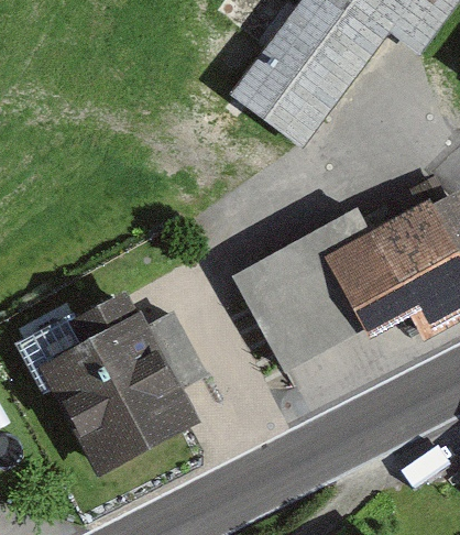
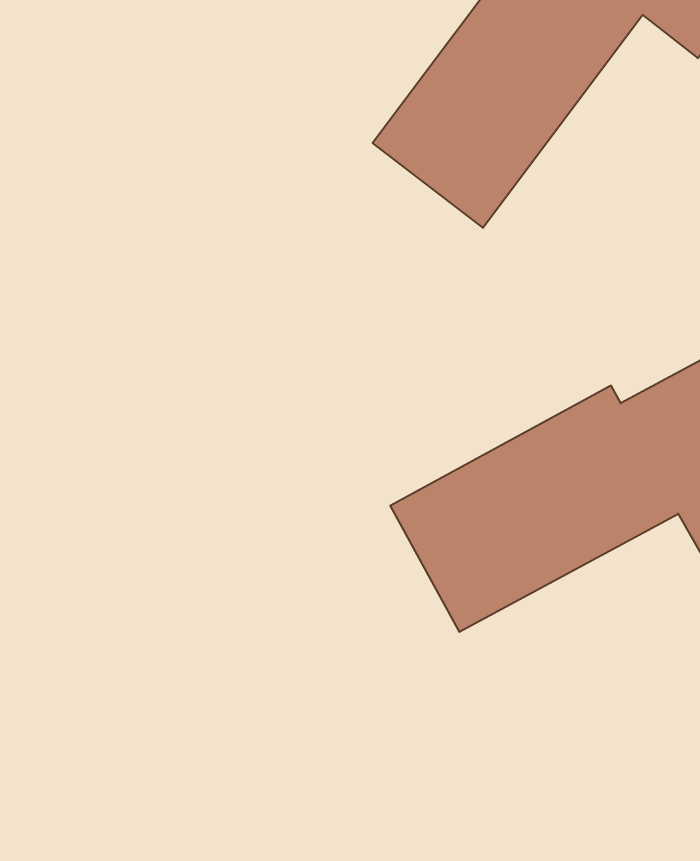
building: [36,302,200,462] -> none

